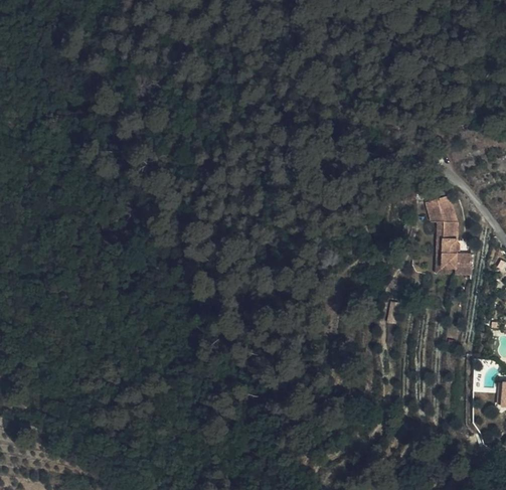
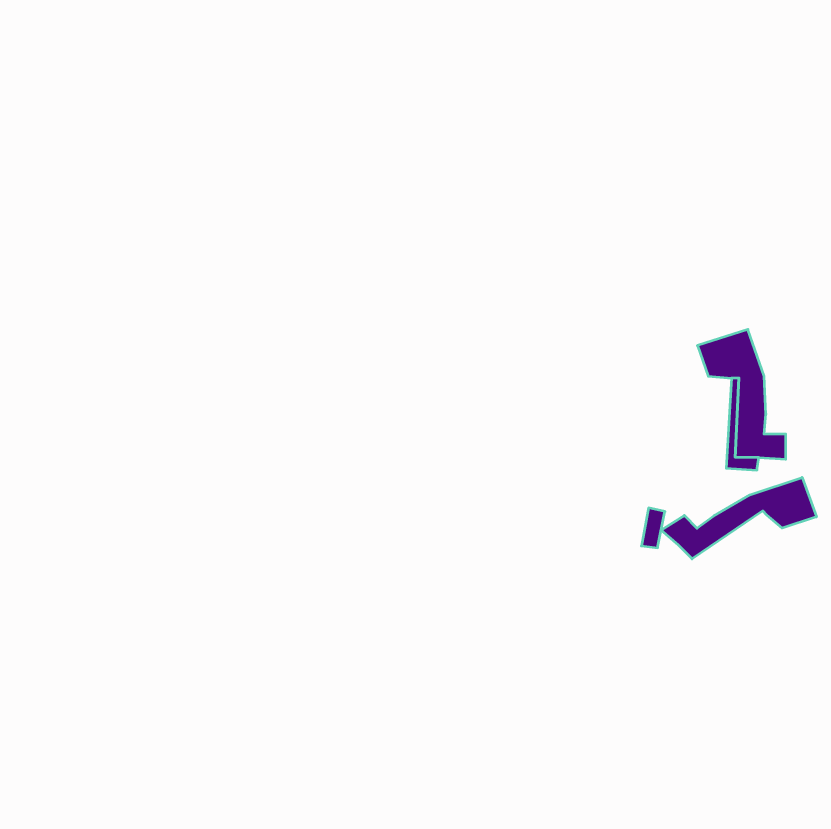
building: none -> [661,477,816,559]

